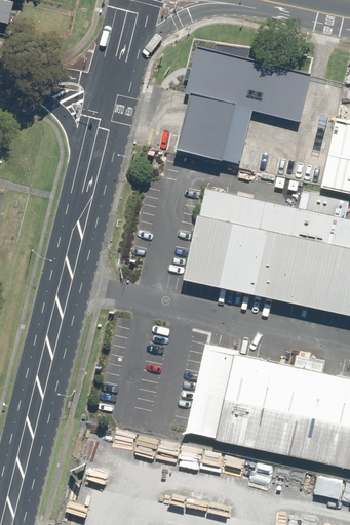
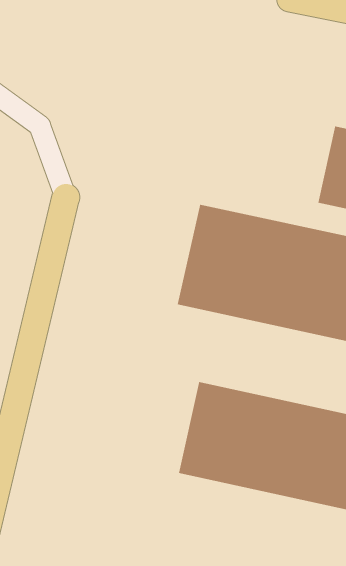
building: [183,48,310,161] -> none

